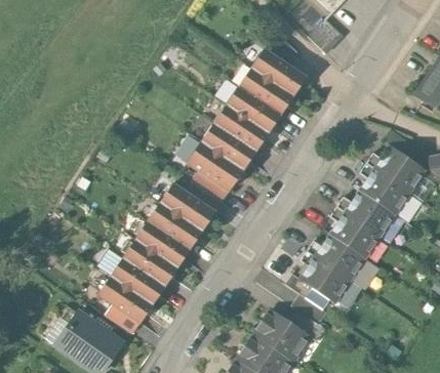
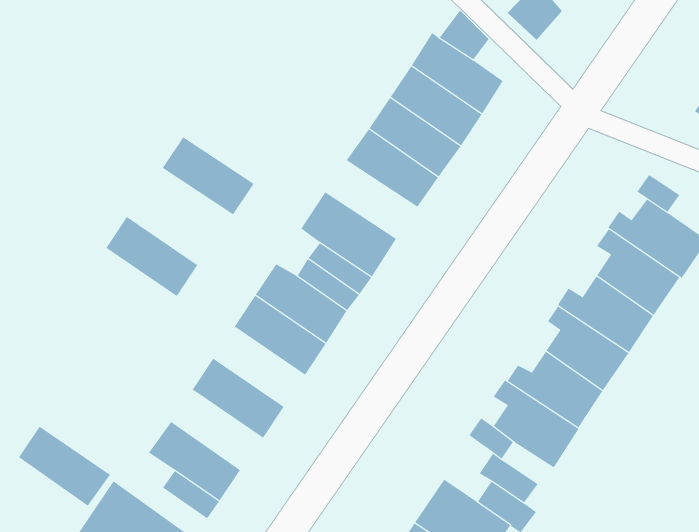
building: [202,123,256,169] -> [162,136,255,215]
building: [136,220,191,267] -> [106,216,198,297]
building: [112,257,166,304] -> [18,426,111,506]

